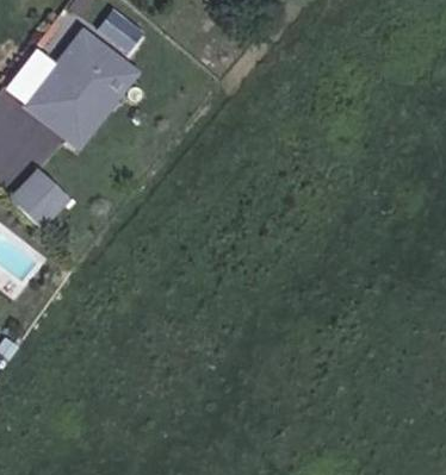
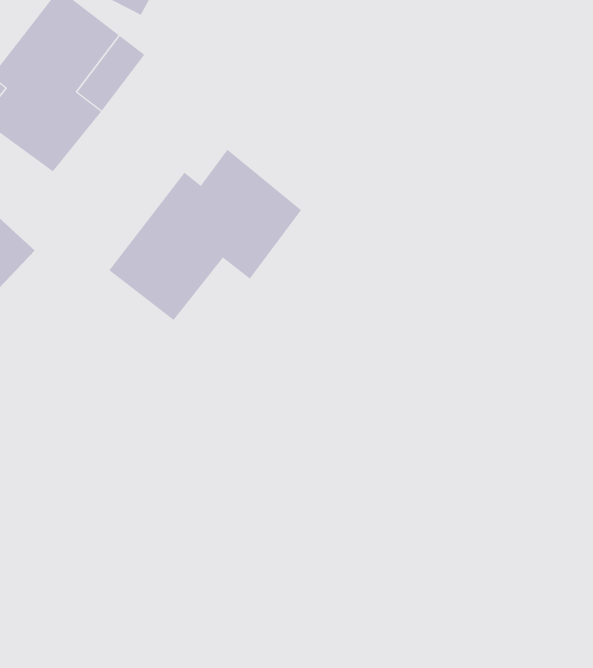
building: none -> [109,149,302,321]

